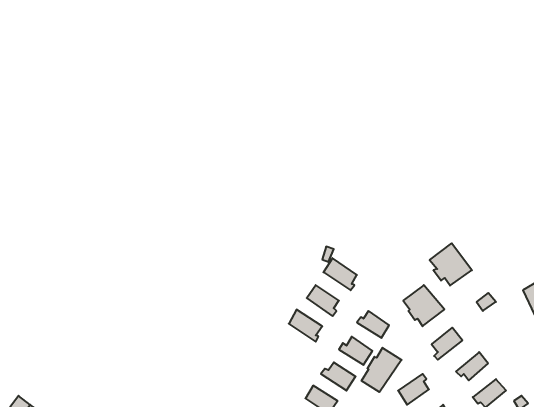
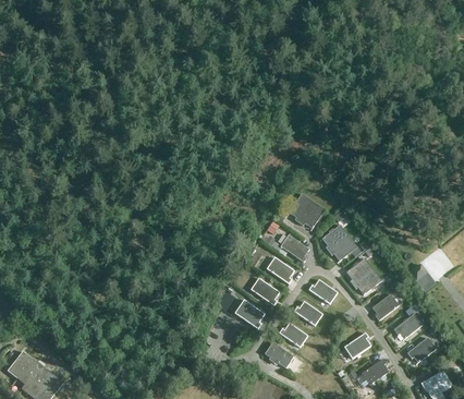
building: none -> [289,193,325,227]
building: [430,243,472,286] -> [321,223,357,259]
building: none -> [235,300,266,328]
building: [362,348,402,392] -> none

